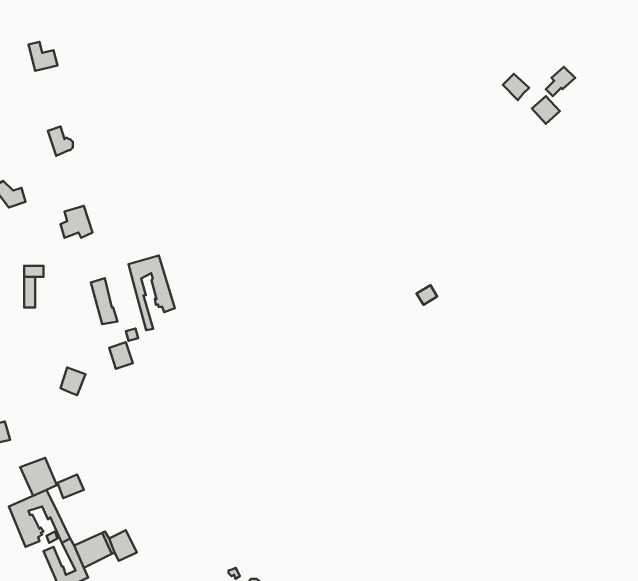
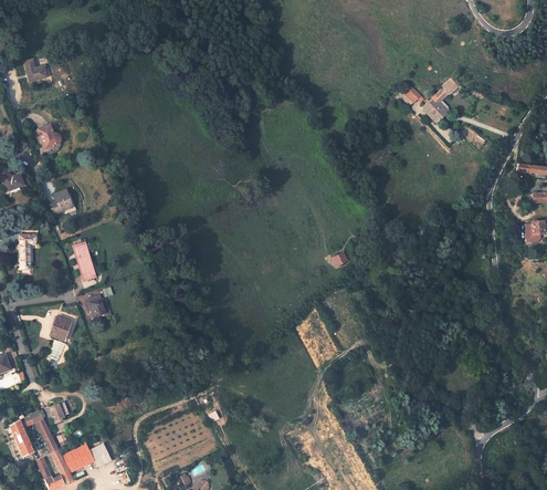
building: [129,255,175,330] -> none
building: [20,458,57,496] -> none

